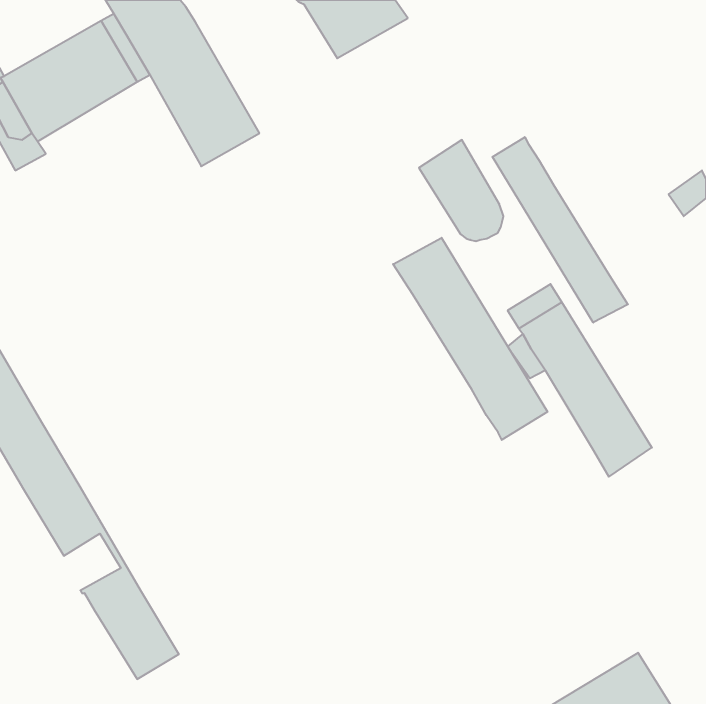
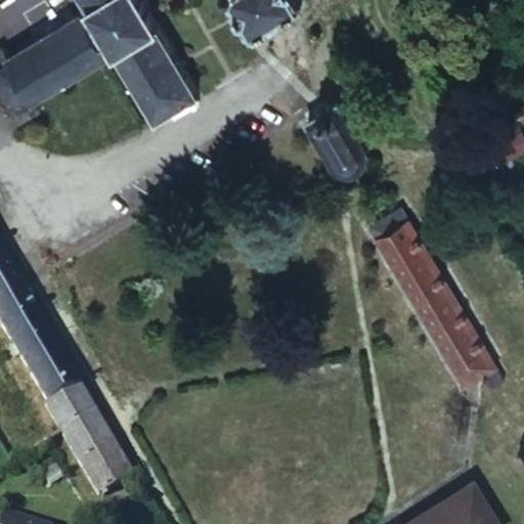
building: [492,137,628,323] -> none
building: [393,238,547,440] -> none
building: none -> [449,334,500,385]
building: none -> [44,397,89,439]

